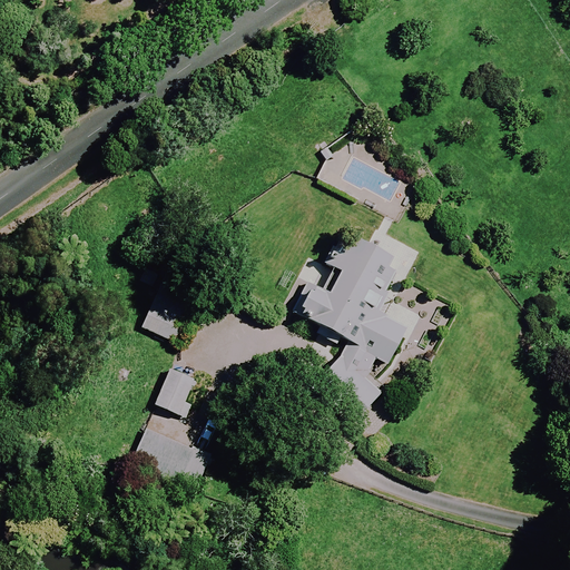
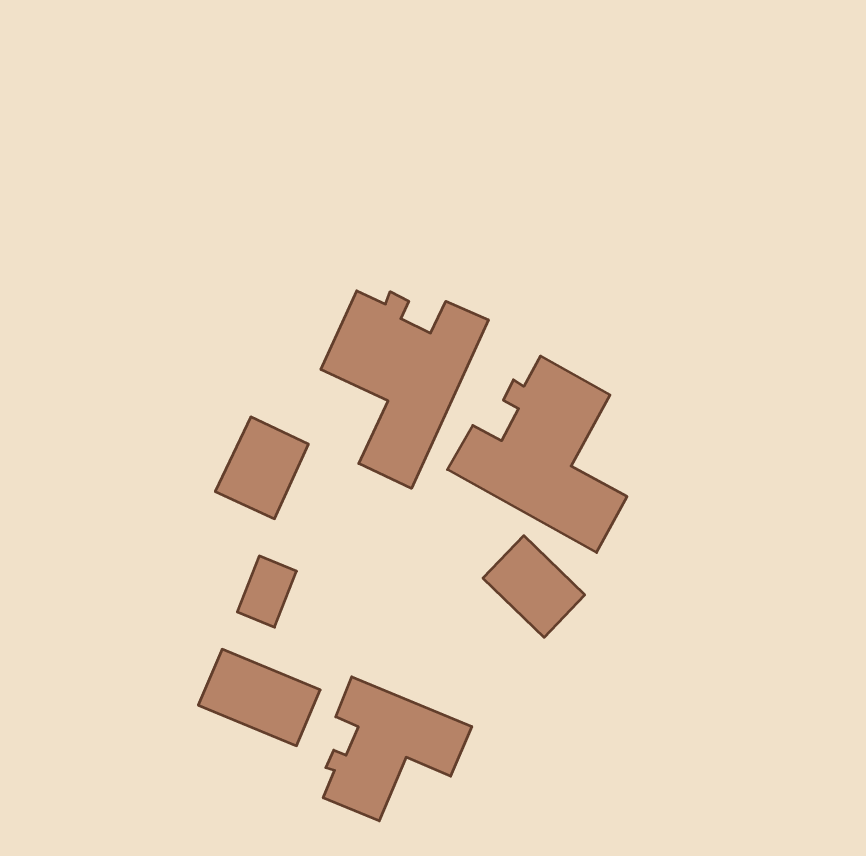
building: none -> [321,291,488,488]
building: none -> [323,677,472,821]

